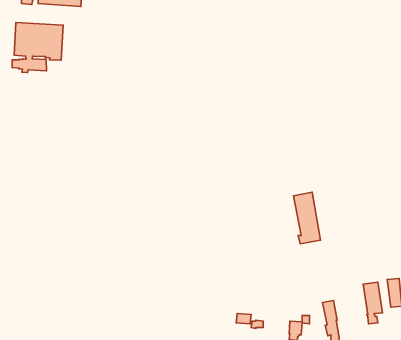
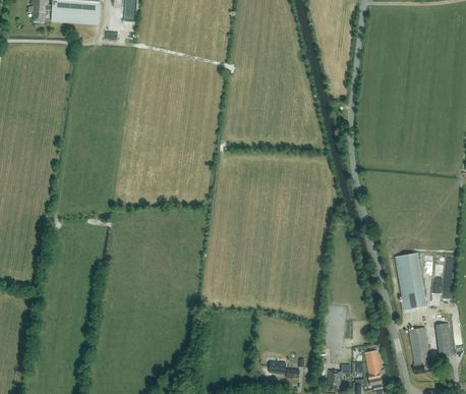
building: [12,23,63,73] -> none
building: [294,192,320,244] -> [396,252,425,309]

